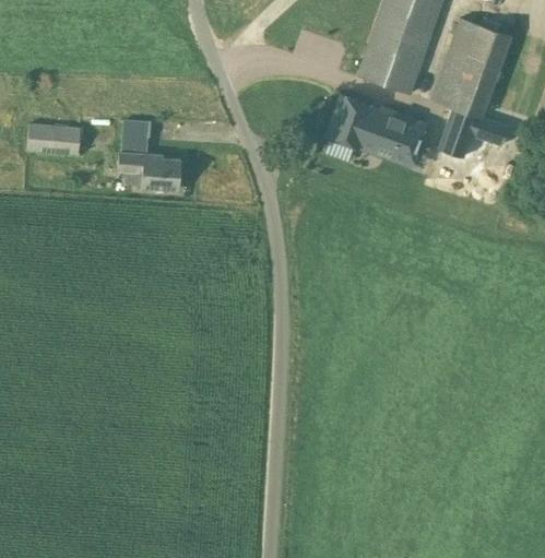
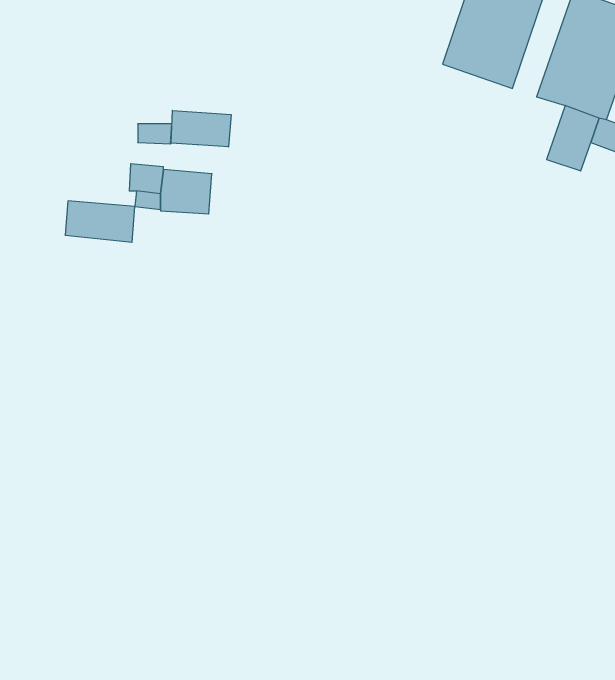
building: [328,94,429,163] -> none
building: none -> [171,110,231,147]
building: [27,122,81,154] -> [65,201,135,242]

